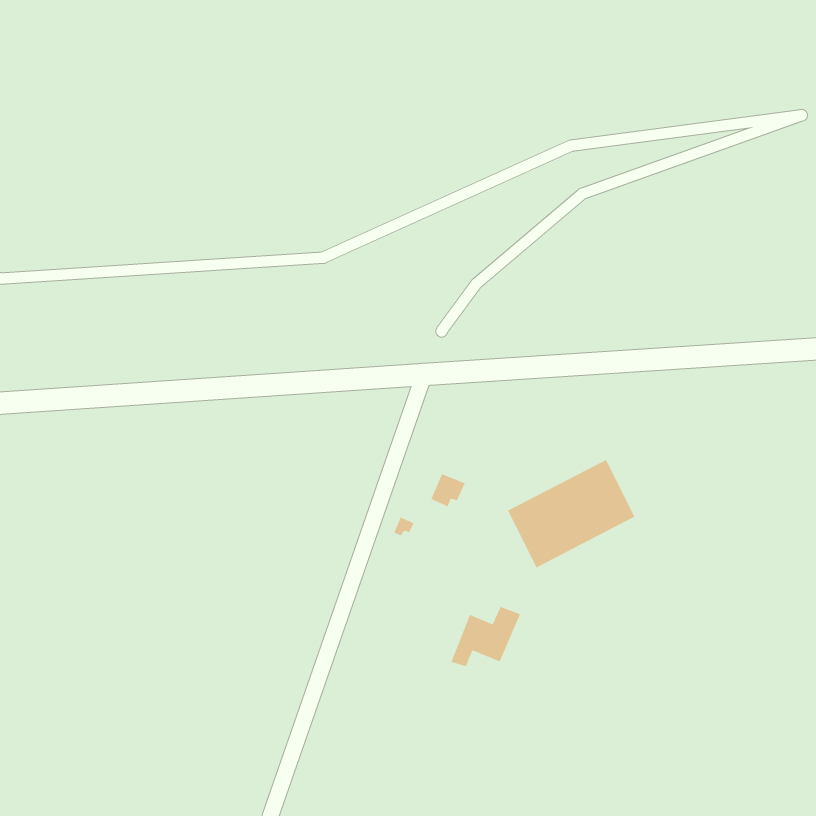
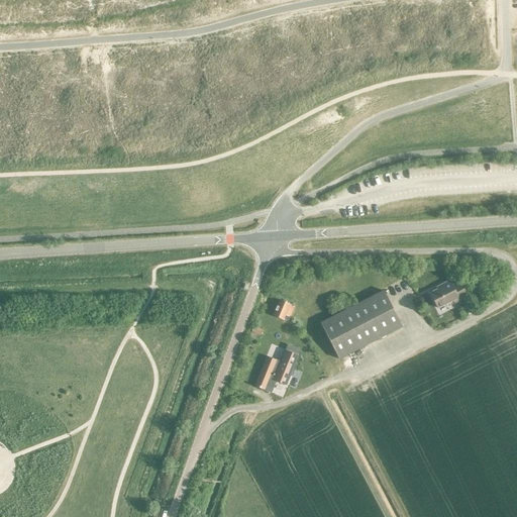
building: none -> [430,280,468,307]
building: [450,606,521,667] -> [254,349,299,388]

